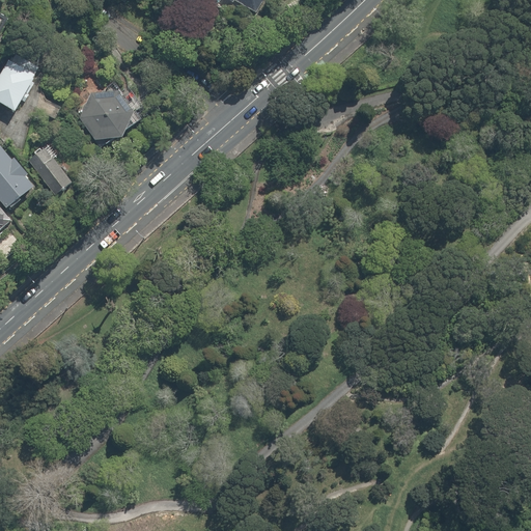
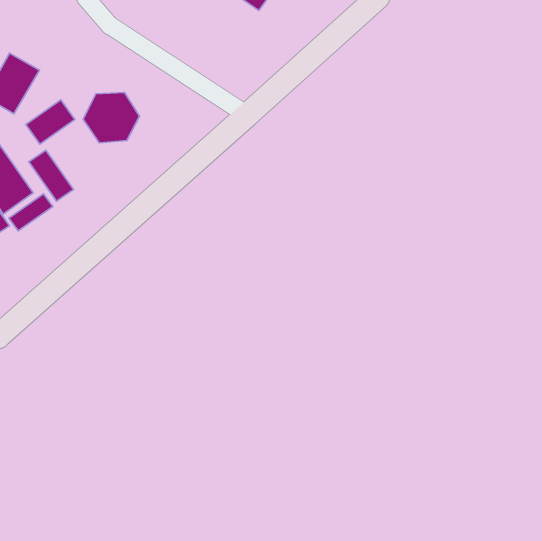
building: none -> [26,100,75,144]
building: none -> [9,194,53,231]

